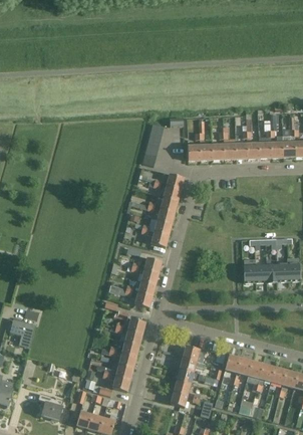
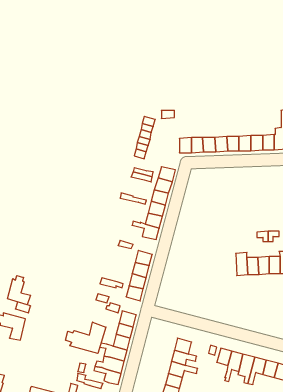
building: none -> [7,276,31,305]
building: none -> [66,322,106,353]

